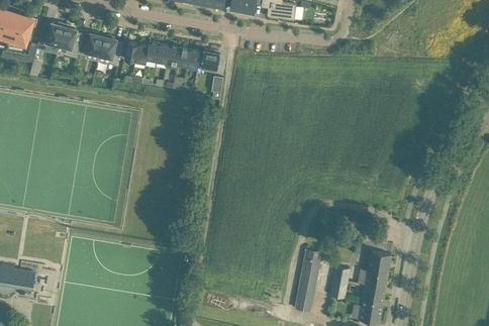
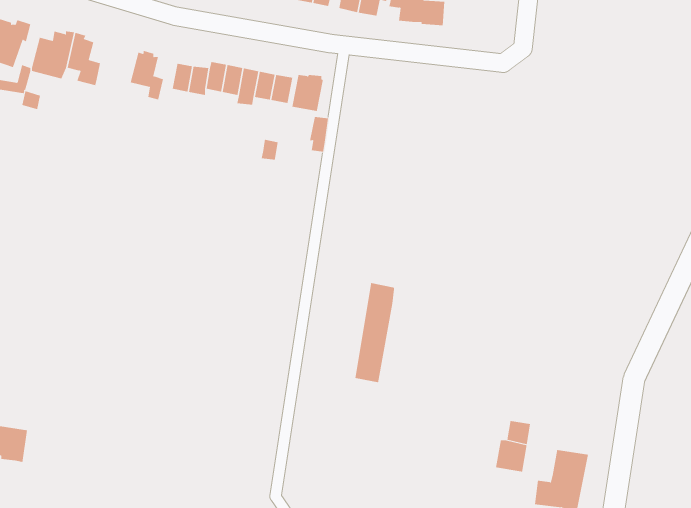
building: [79,31,104,55] -> none
building: [296,248,321,311] -> [354,283,395,383]
building: [358,250,391,287] -> none

